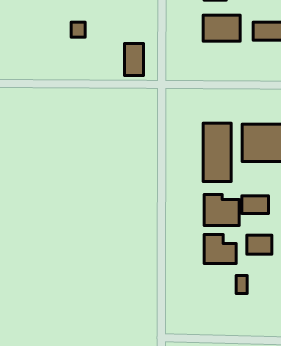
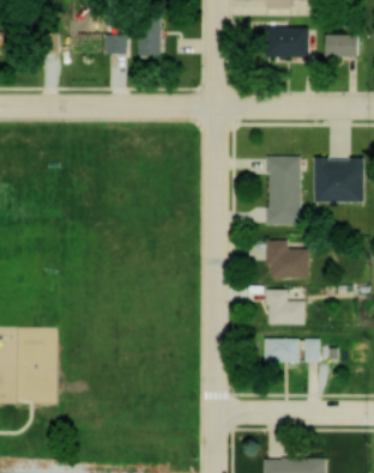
building: [124,44,143,76] -> [141,18,164,56]
building: [242,196,269,213] -> none
building: [247,235,272,254] -> [269,339,298,362]

